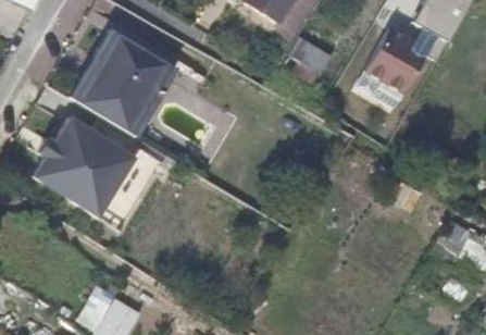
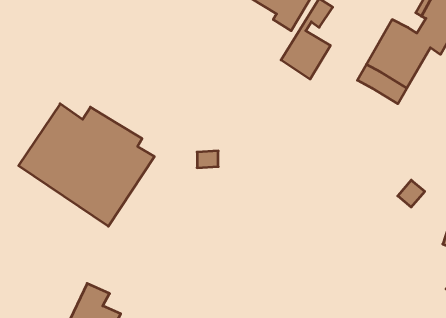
building: [74,32,164,128] -> none

